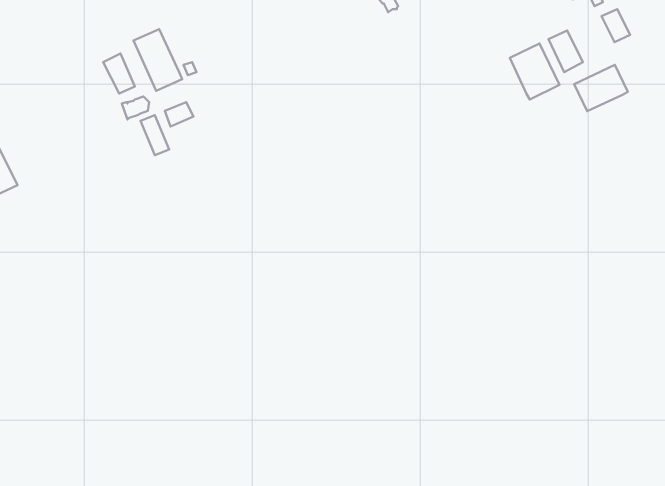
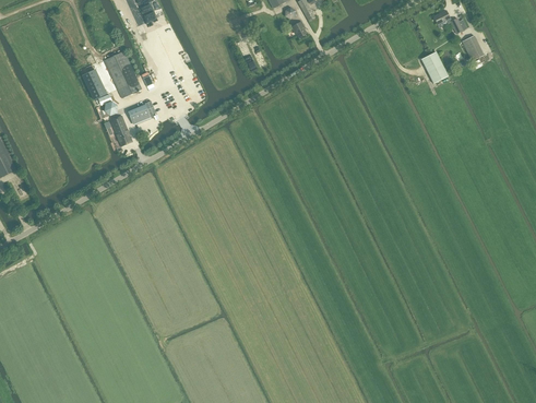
building: [510,43,559,99] -> none
building: [574,65,628,111] -> none

